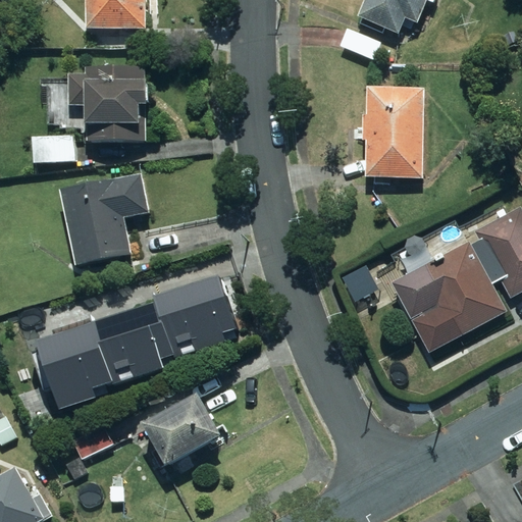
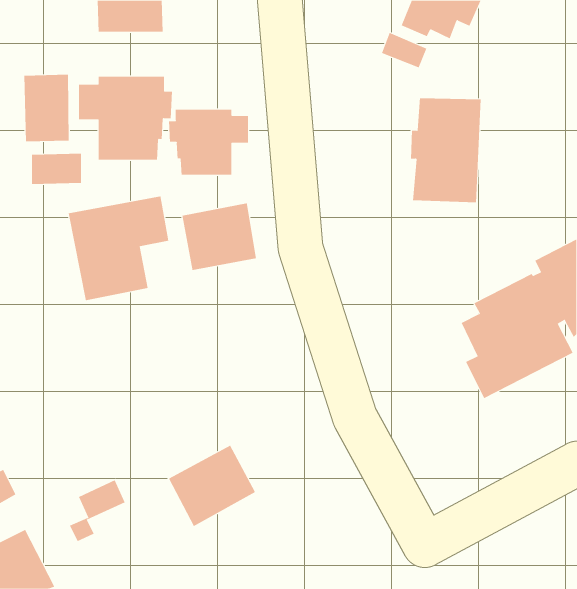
building: none -> [24,74,69,142]
building: none -> [168,109,248,176]
building: none -> [182,203,256,271]
building: [24,272,227,411] -> none

